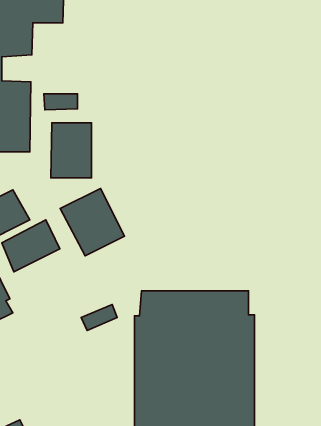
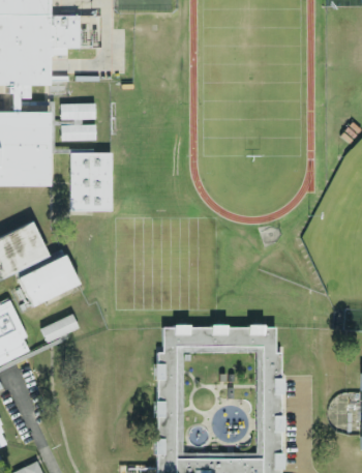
building: none -> [62,104,97,119]
building: [60,189,124,256] -> none
building: [81,305,117,331] -> [42,315,80,342]

